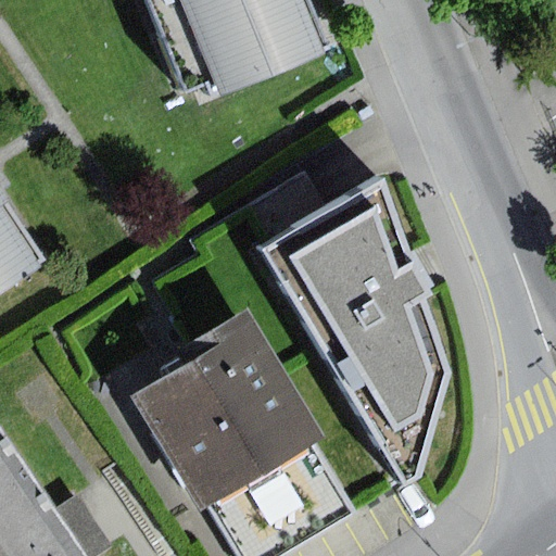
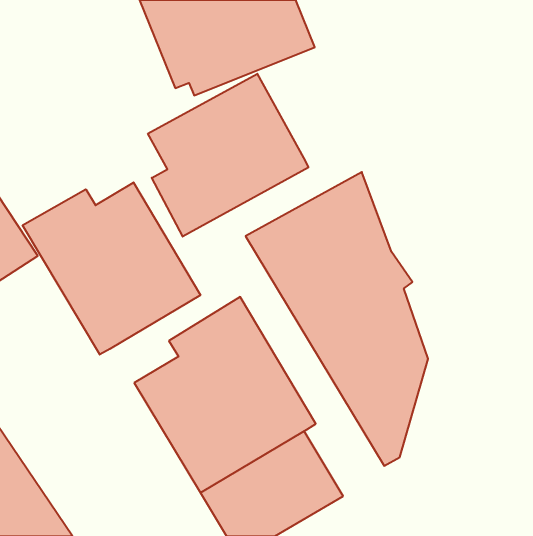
building: none -> [148,74,308,237]
building: none -> [23,182,200,355]

